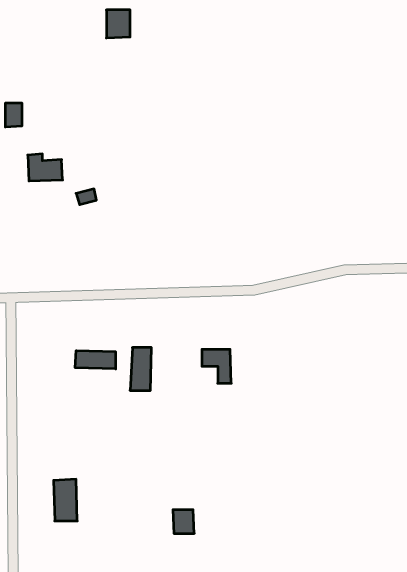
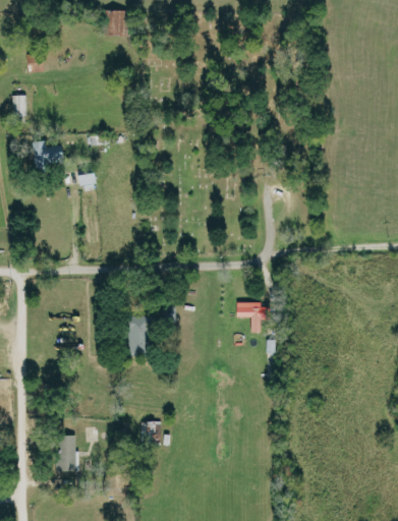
building: [202,349,231,383] -> [236,302,263,333]
building: [75,351,116,369] -> none
building: [173,510,194,533] -> [143,420,162,442]

